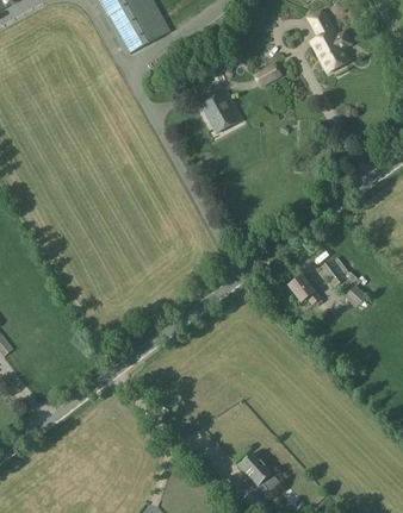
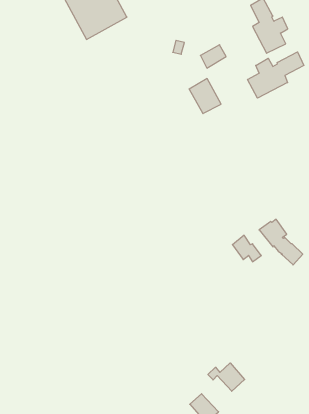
building: none -> [248,52,304,98]
building: [202,92,237,131] -> [189,79,221,114]
building: none -> [208,363,245,391]

